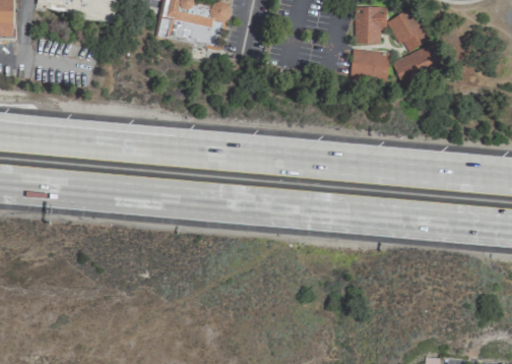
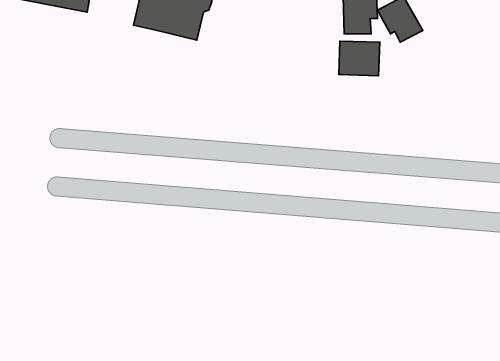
building: [392,43,442,82] -> none

